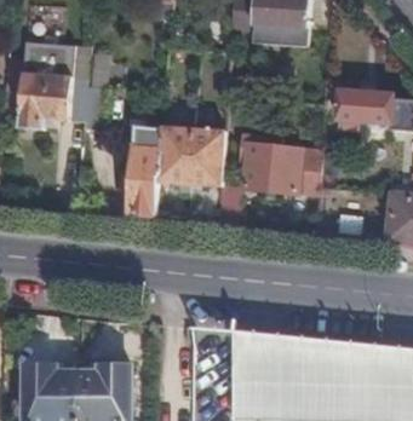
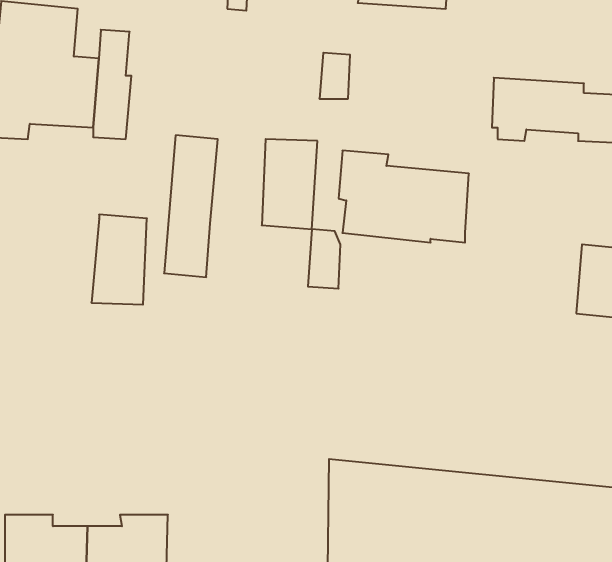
building: [156,126,191,183] -> [91,215,147,305]

